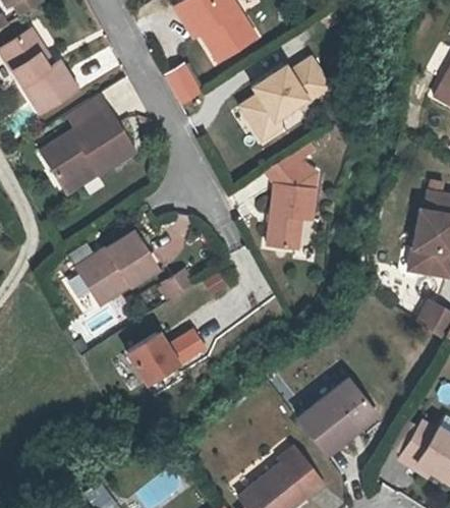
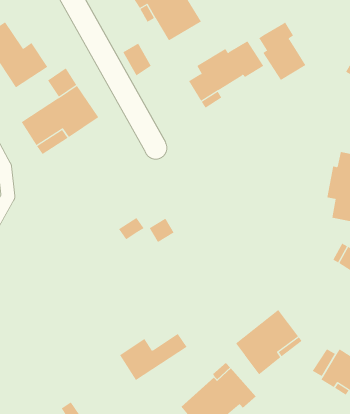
building: none -> [258,22,306,81]
building: [267,146,321,250] -> none
building: [85,229,161,302] -> none
building: [127,329,209,386] -> [119,333,188,381]

